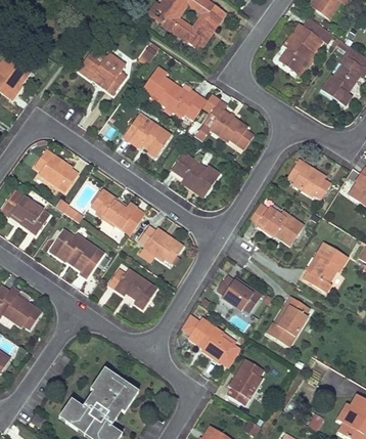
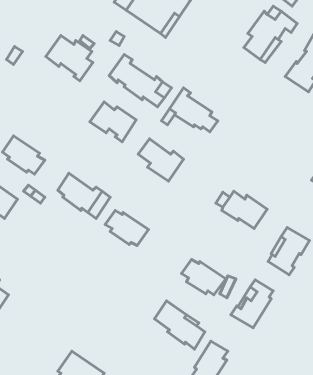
building: [287,160,329,199] -> none
building: [48,230,105,279] -> none
building: [108,267,156,308] -> none

